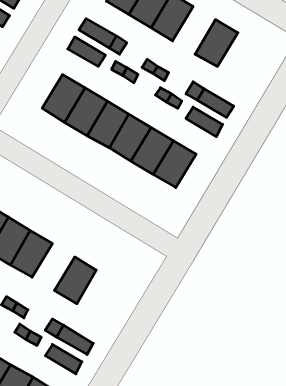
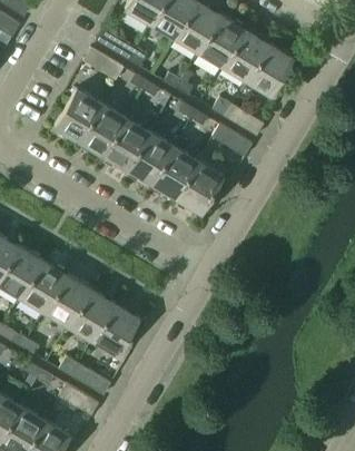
building: none -> [197,14,244,67]
building: none -> [246,43,293,96]
building: none -> [43,274,90,325]
building: none -> [92,303,139,354]

